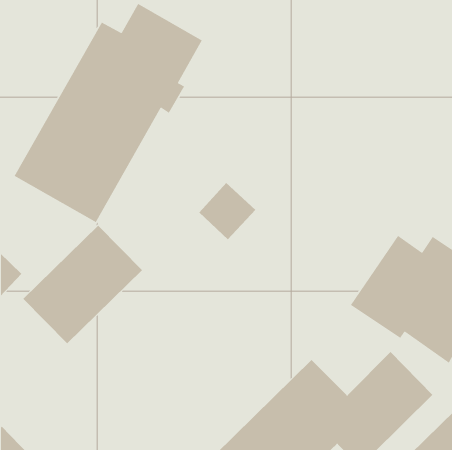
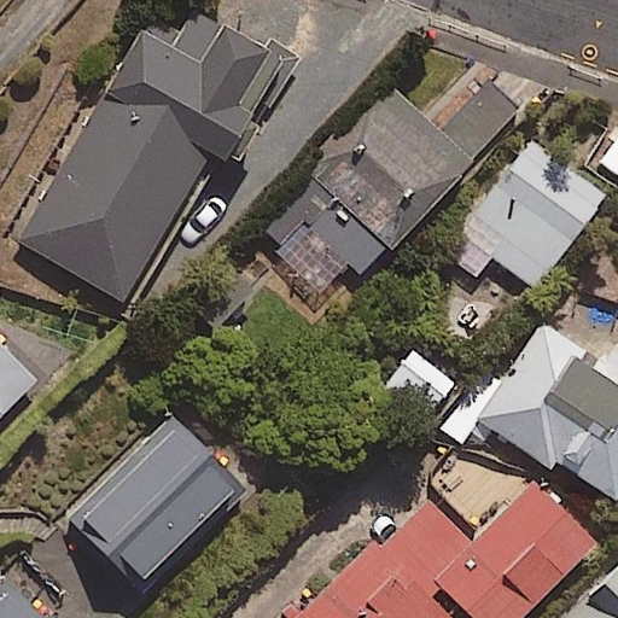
building: none -> [258,77,517,276]
building: none -> [461,140,602,290]
building: [23,225,143,344] -> [72,420,235,582]

